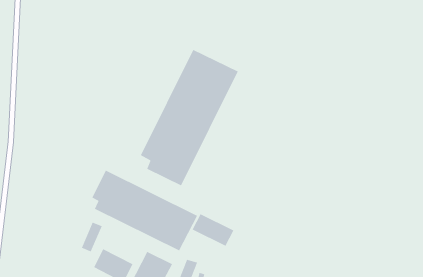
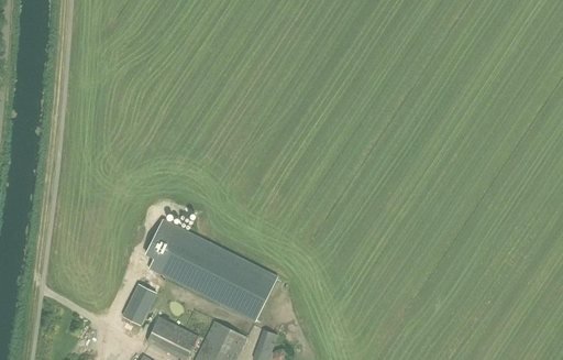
building: [140,49,239,187] -> none
building: [191,213,234,247] -> none

